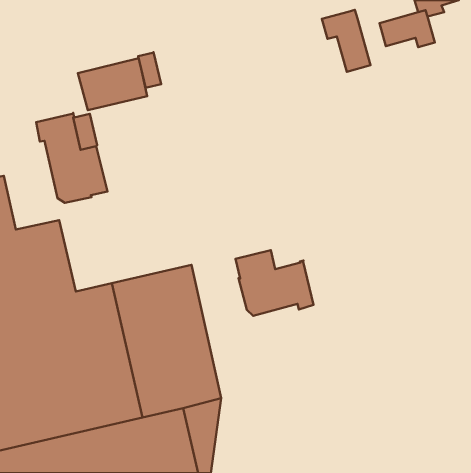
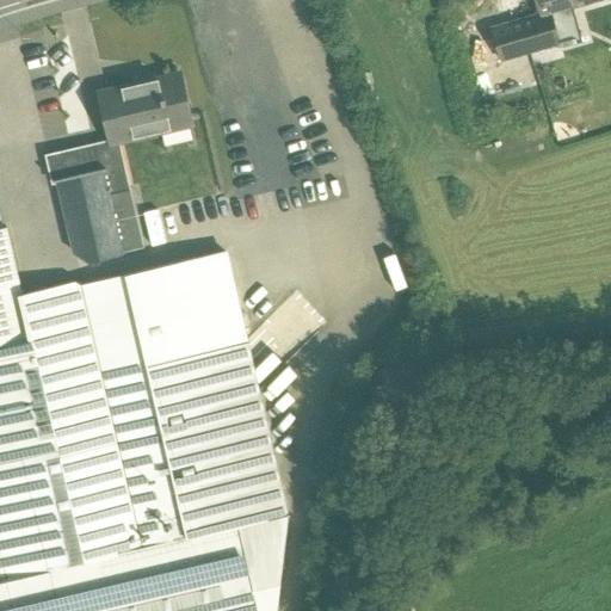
building: [322,10,370,72] -> none
building: [138,52,161,88] -> none
building: none -> [76,248,247,376]
building: [235,250,314,316] -> none

